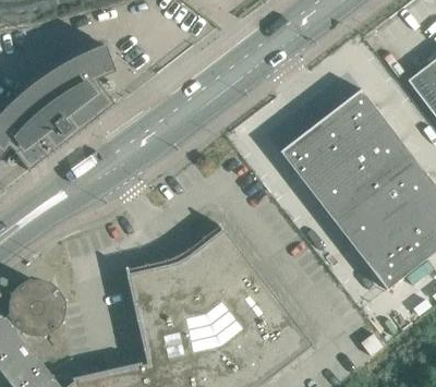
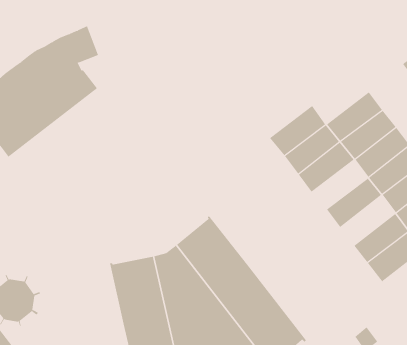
building: [320,89,375,138] -> none
building: [319,172,374,220] -> none
building: [347,206,400,255] -> none

